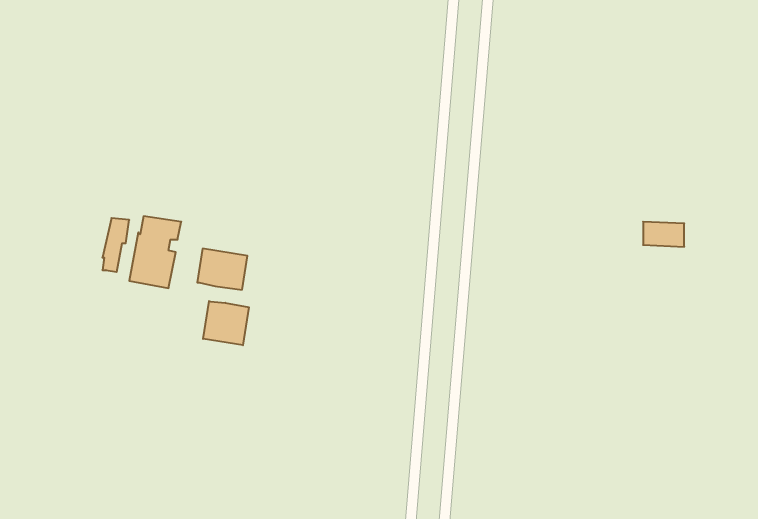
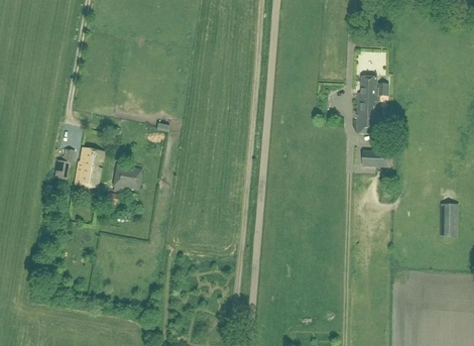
building: none -> [357,77,389,133]
building: [203,301,249,345] -> none

